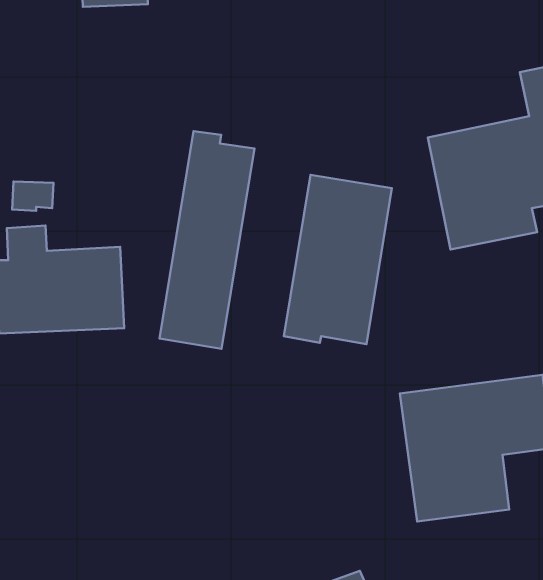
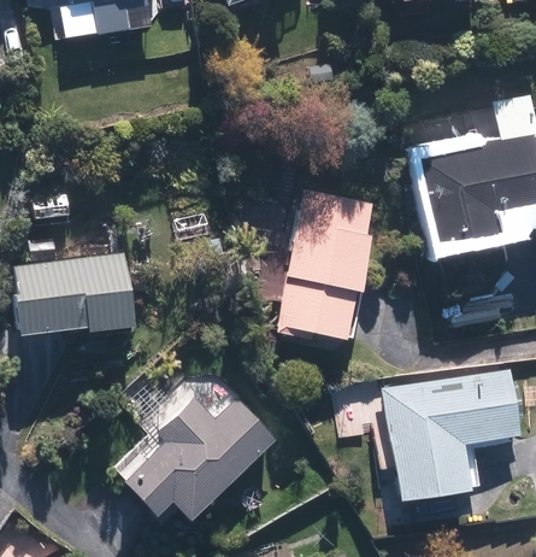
building: [160,131,255,349] -> none
building: none -> [114,376,278,526]

